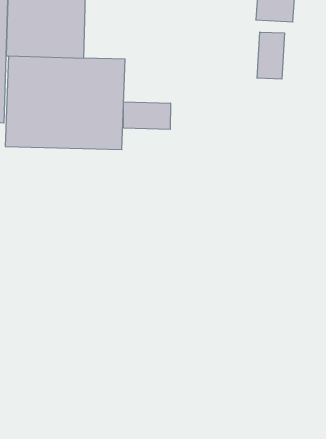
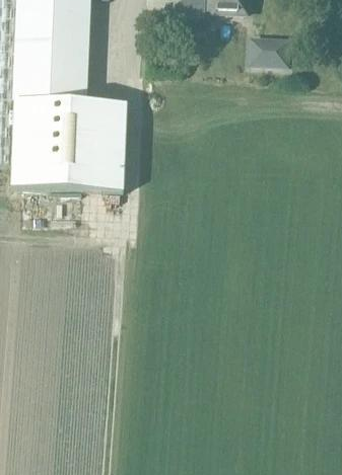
building: [257,32,284,79] -> none
building: [124,102,170,129] -> none

